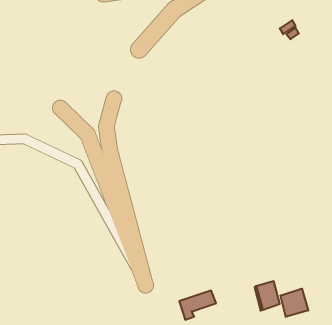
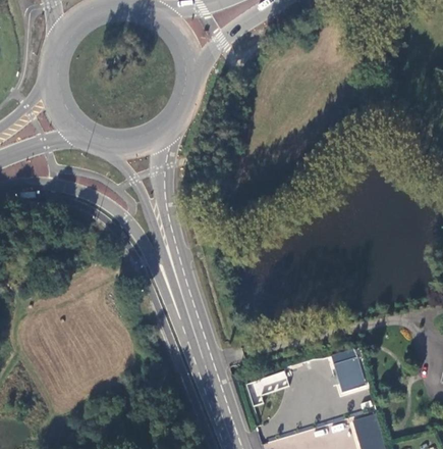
building: [281,289,308,317] -> none

